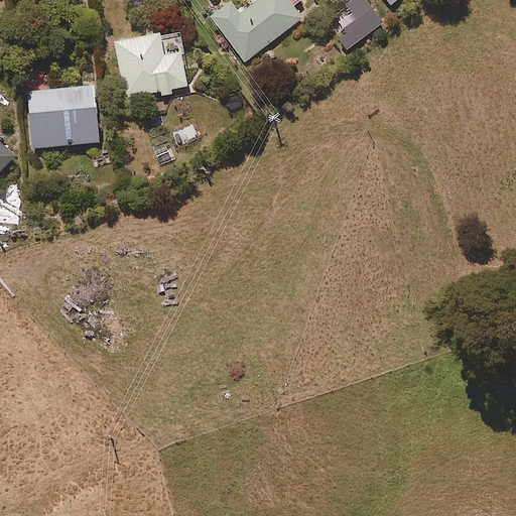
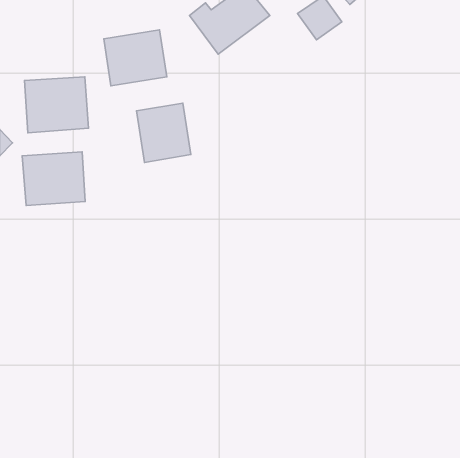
building: none -> [136,103,191,162]
building: none -> [22,152,85,206]

